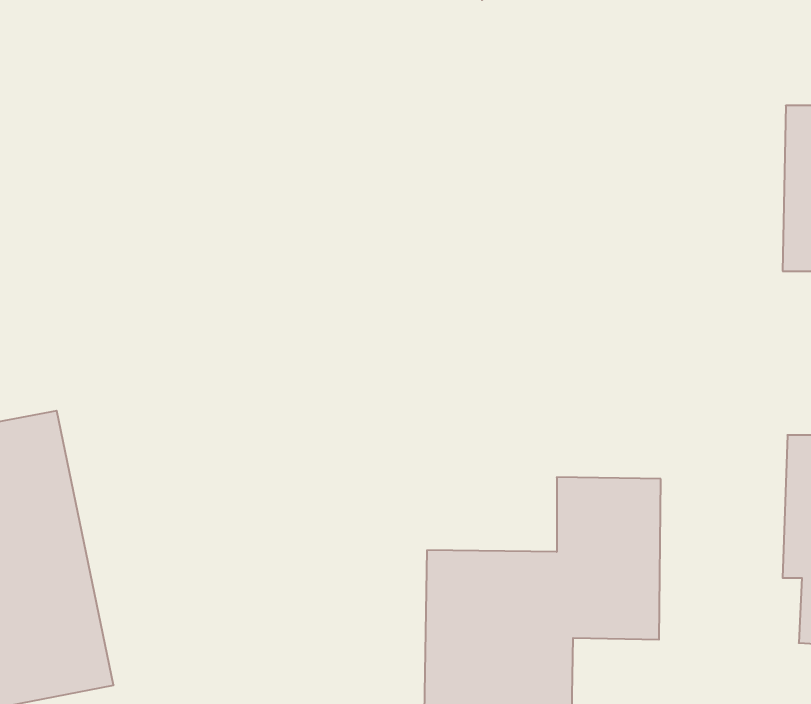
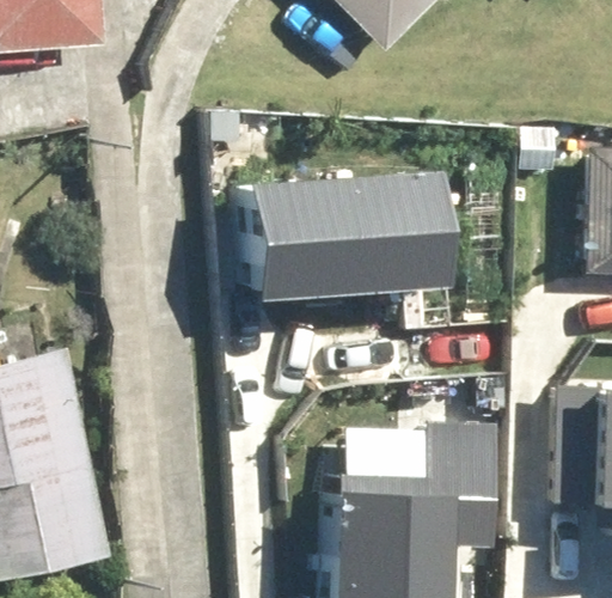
building: none -> [246,171,458,281]

